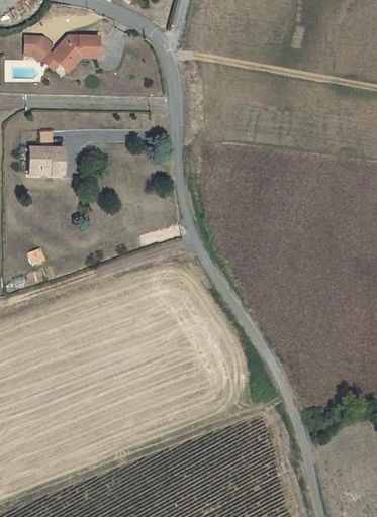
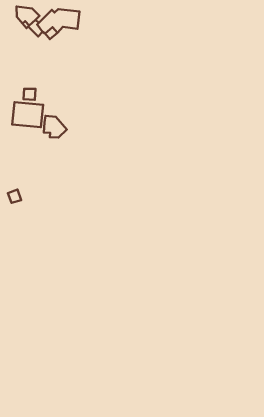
building: none -> [44,116,67,137]

